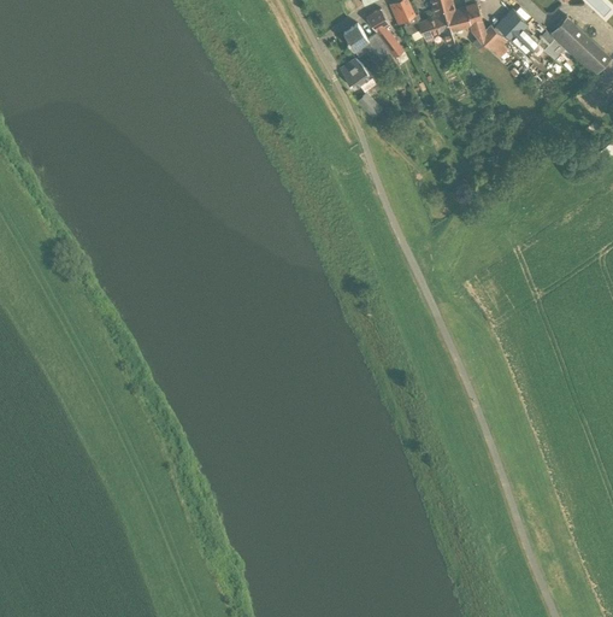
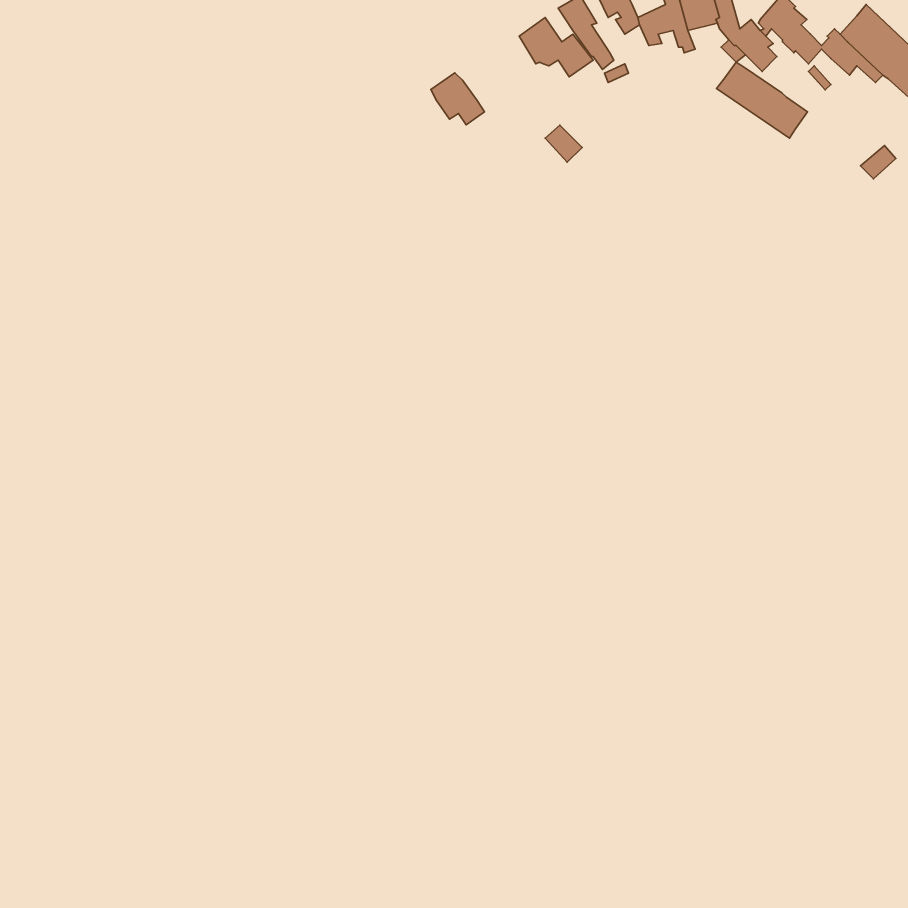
building: none -> [716,62,808,138]
building: [340,57,375,90] -> [431,73,485,125]

